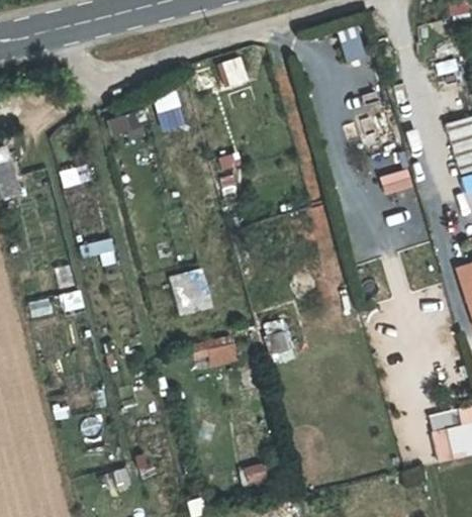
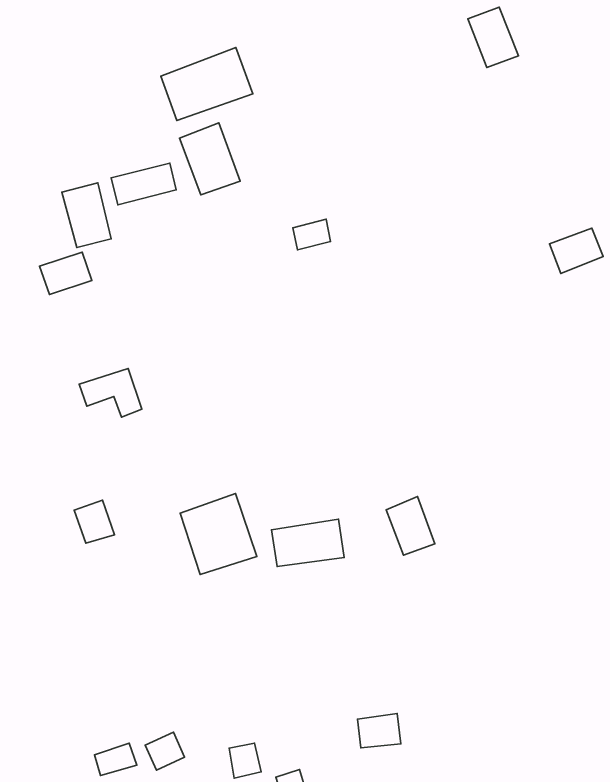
building: none -> [161,48,253,120]
building: none -> [62,183,111,247]
building: [168,267,214,316] -> [180,493,257,575]

